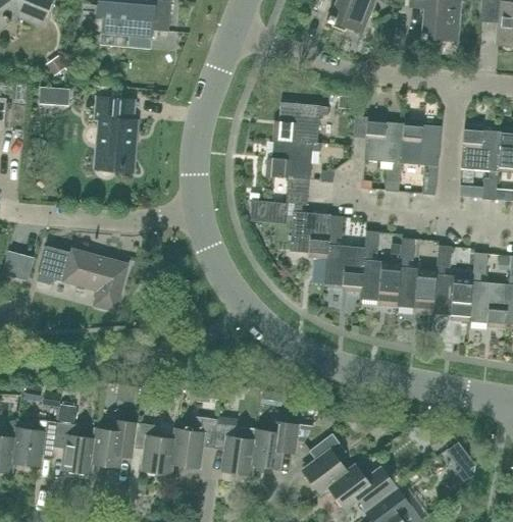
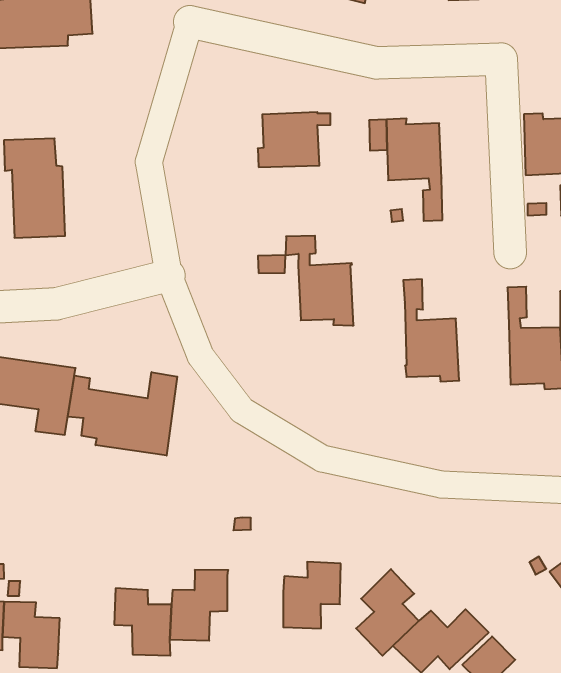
building: [402,120,442,196] -> none
building: [267,140,321,193] -> none
building: [324,216,365,292] -> none
building: [397,239,437,314] -> none
building: none -> [68,372,177,456]
building: [92,420,138,468] -> none
building: [214,424,255,475] -> none

